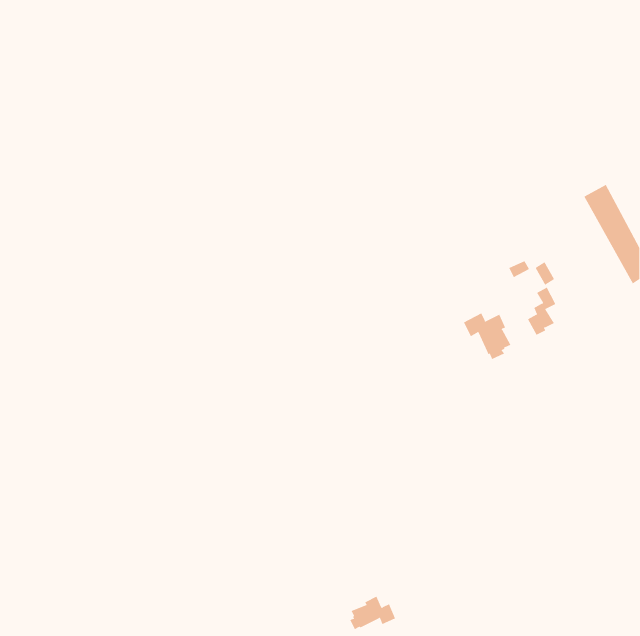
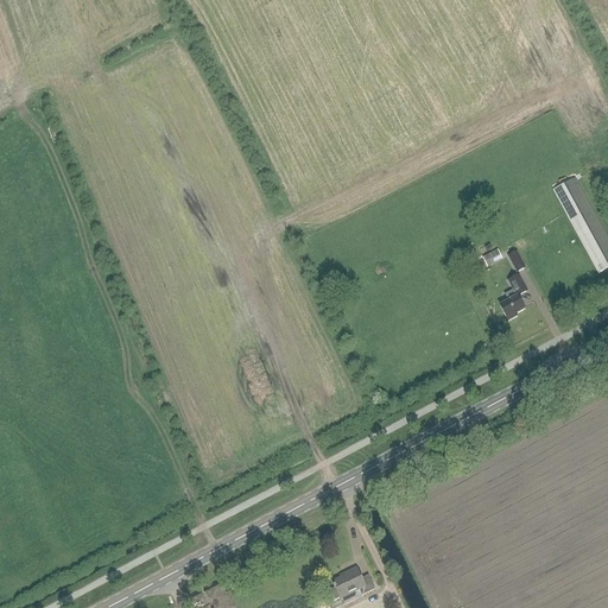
building: [463,312,511,360] -> none

